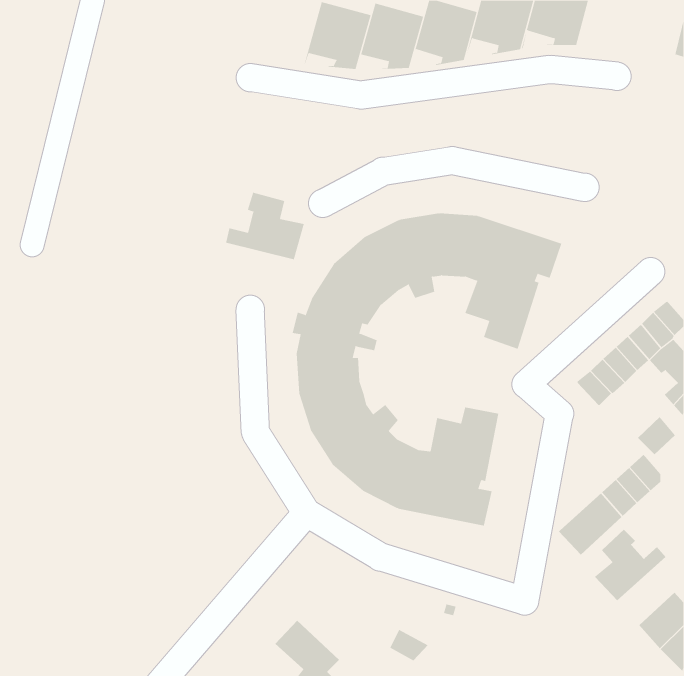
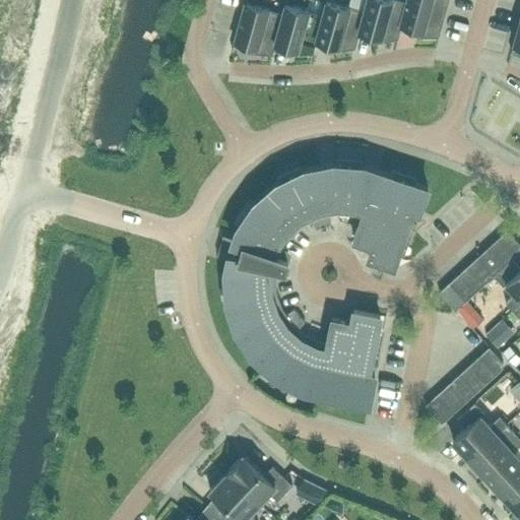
building: [225,192,304,260] -> none
building: none -> [468,429,513,480]
building: none -> [225,458,291,507]

